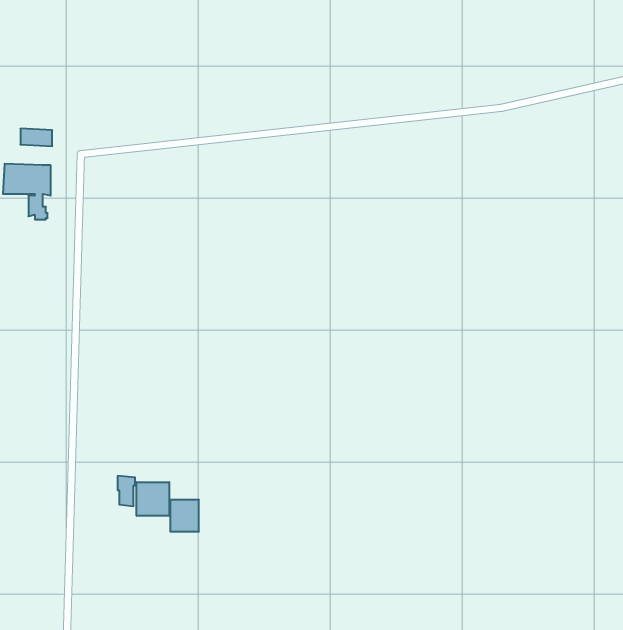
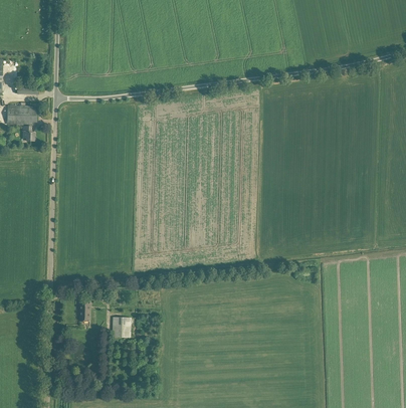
building: [137,482,169,516] -> none

